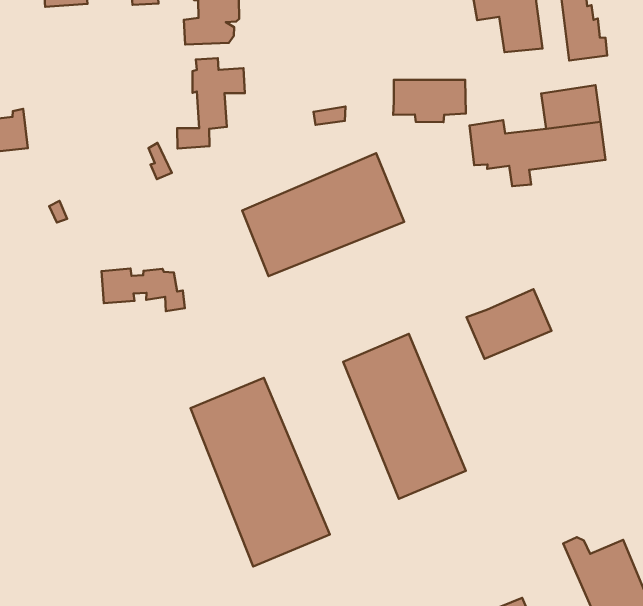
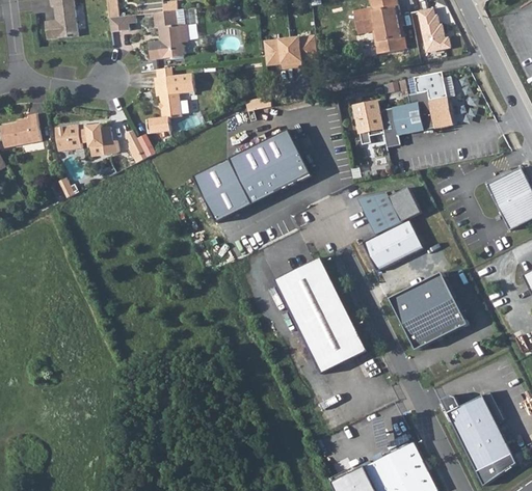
building: [393,80,466,122] -> [261,37,314,70]
building: none -> [358,187,420,236]
building: [101,269,185,311] -> [56,125,117,155]
building: none -> [389,272,468,350]
building: [191,378,330,566] -> none

